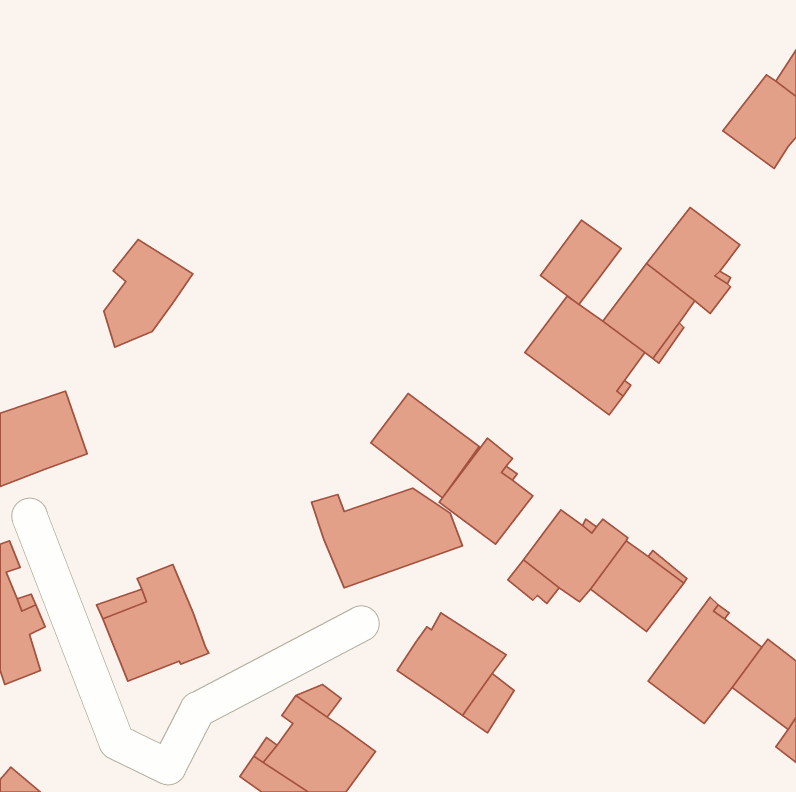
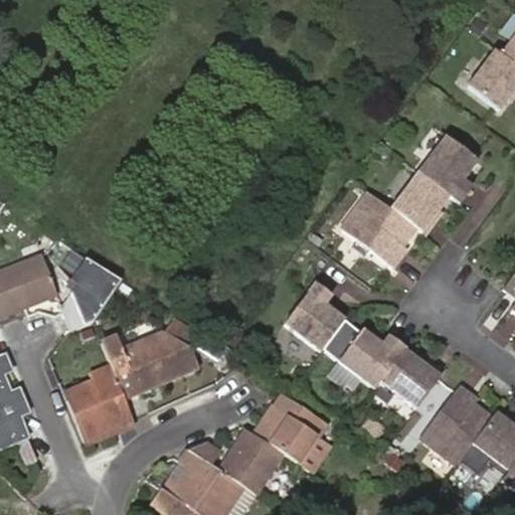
building: [540,220,621,304] -> none
building: [104,240,193,347] -> [63,259,121,328]
building: [371,393,479,498] -> none
building: [312,488,463,588] -> [104,331,201,395]
building: none -> [220,426,285,493]

